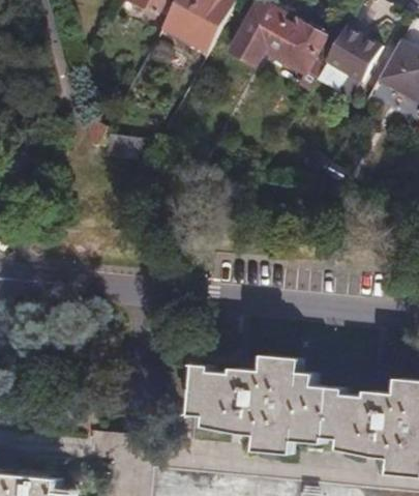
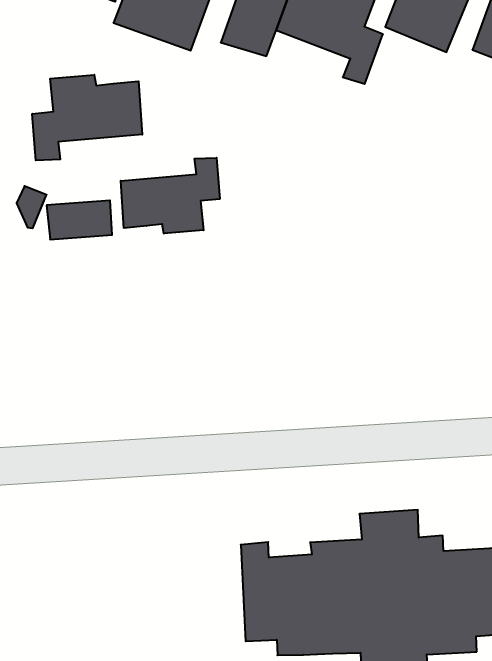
building: none -> [32,75,142,160]
building: none -> [121,158,220,234]

